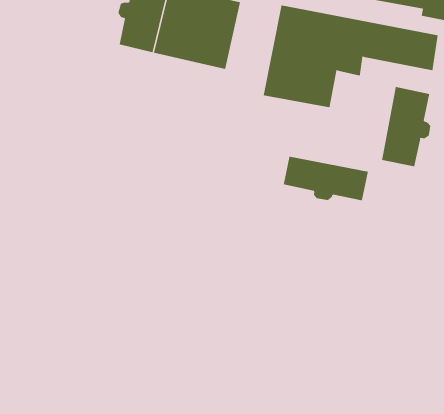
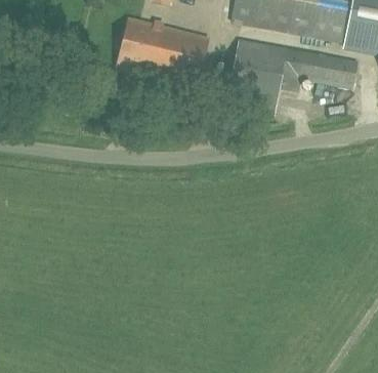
building: [381,86,431,167] -> none
building: [283,156,368,201] -> none

